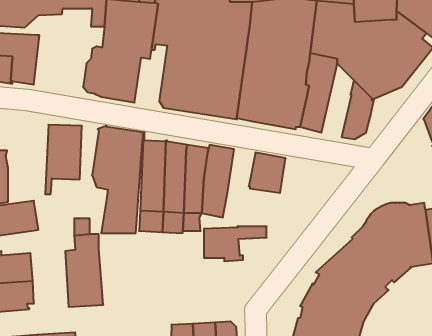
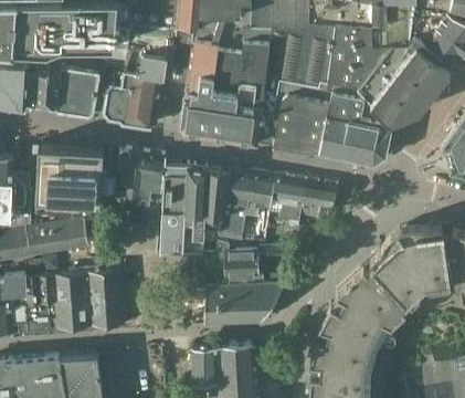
building: none -> [56,51,107,114]
building: none -> [340,90,372,161]
building: none -> [35,147,71,218]
building: none -> [247,174,275,219]
building: none -> [299,182,338,222]
building: none -> [56,220,88,253]
building: none -> [53,274,91,332]
building: none -> [204,285,284,326]

